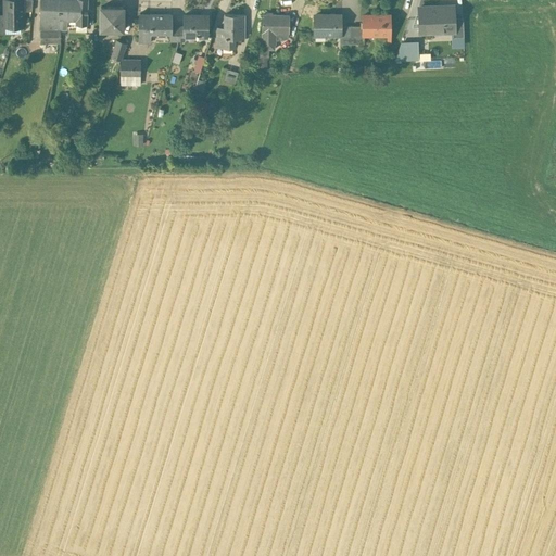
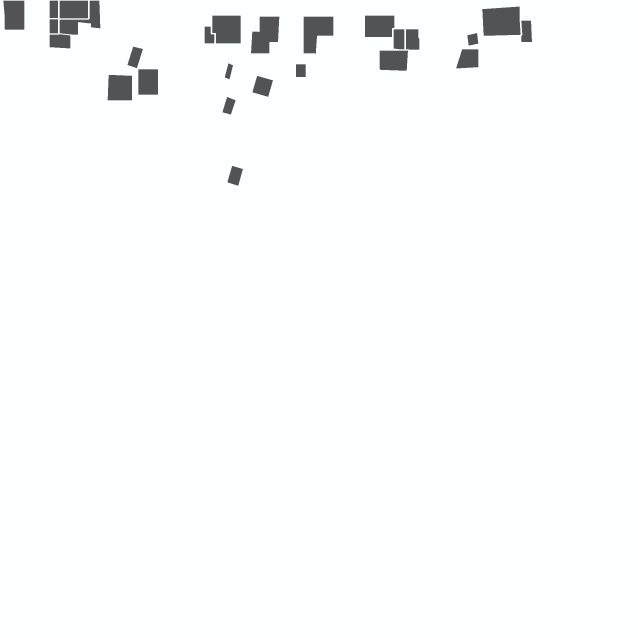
building: [99,8,122,30] -> [107,74,133,101]
building: [140,14,170,42] -> none
building: [364,16,390,35] -> [379,50,409,71]

